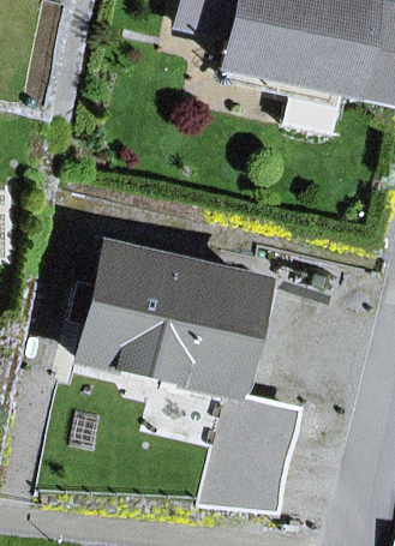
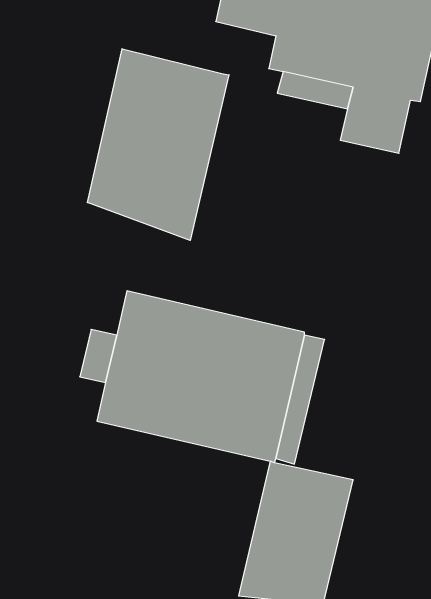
building: none -> [87,49,229,240]

